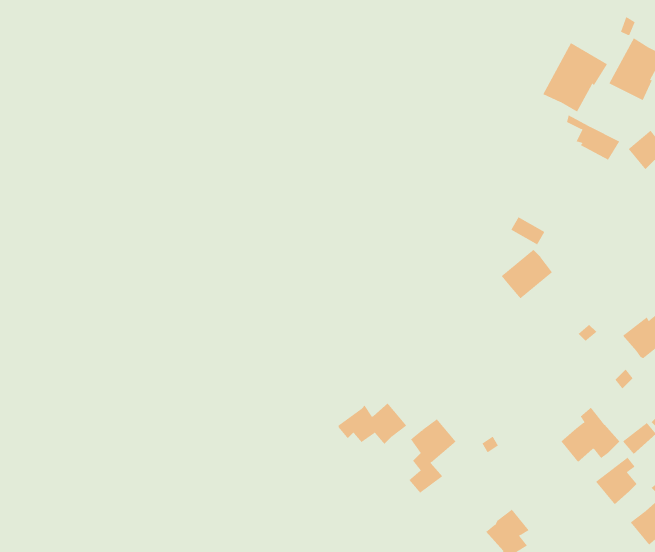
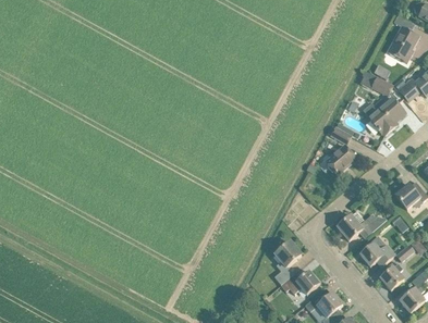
building: [542,42,608,113] -> none
building: none -> [369,97,405,135]
building: none -> [338,211,380,240]
building: [338,403,407,445] -> [281,271,320,295]

